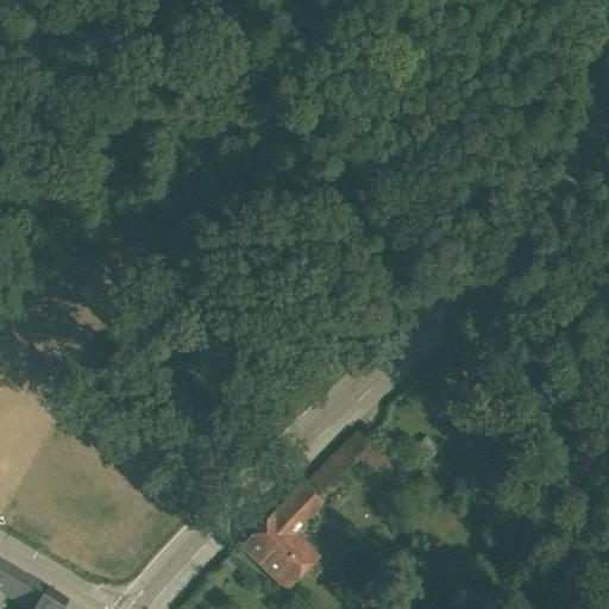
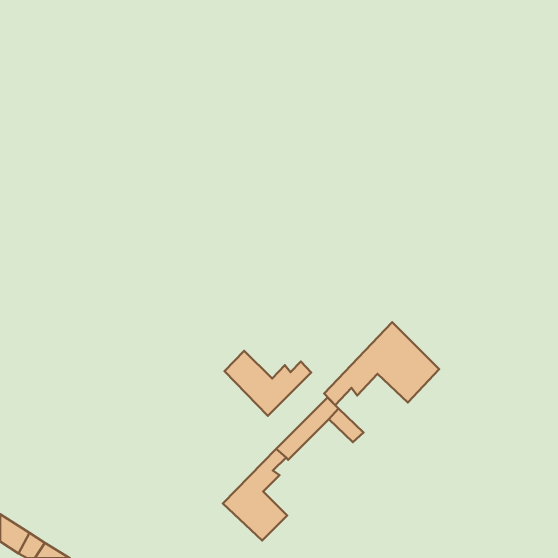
building: none -> [324,322,439,405]
building: none -> [225,351,311,416]

